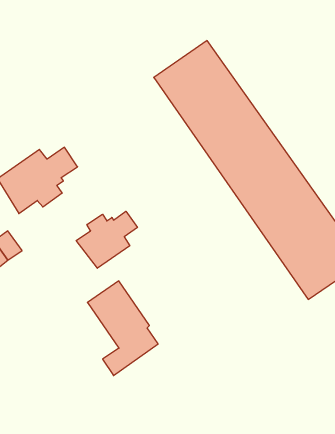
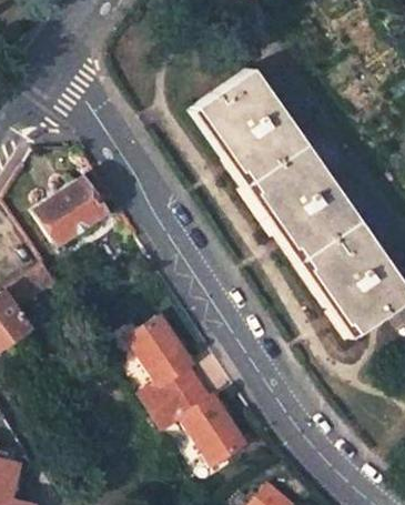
building: [76,211,137,268] -> none
building: none -> [153,378,244,462]

